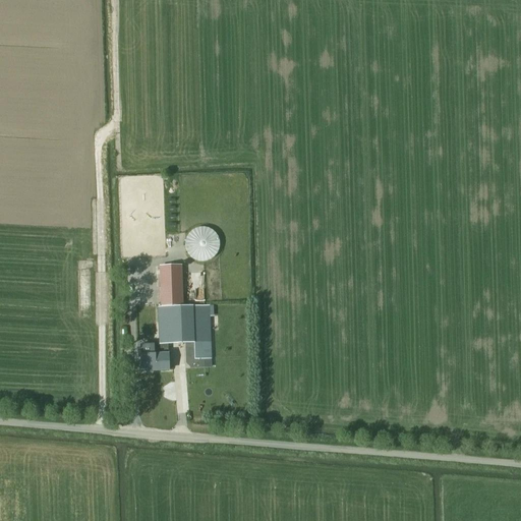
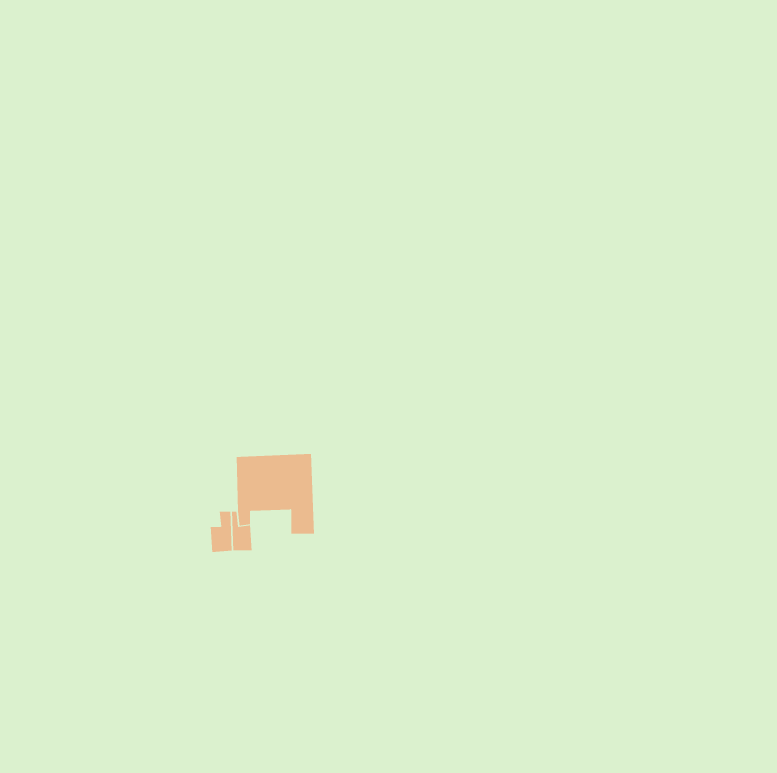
building: [185,225,220,259] -> none
building: [160,265,182,304] -> none

